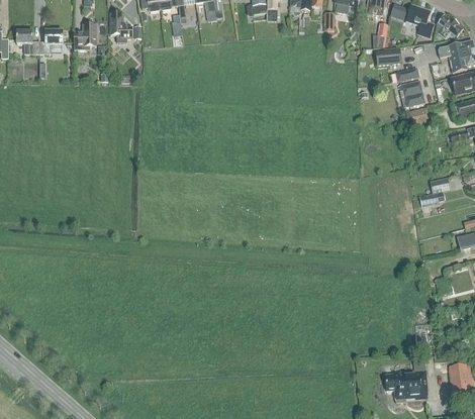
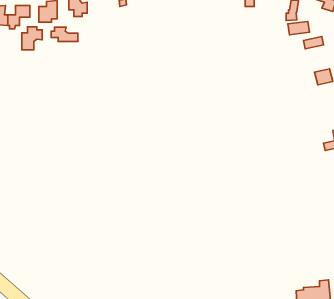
building: none -> [22,27,42,50]
building: none -> [51,27,78,41]
building: [398,79,425,107] -> none

